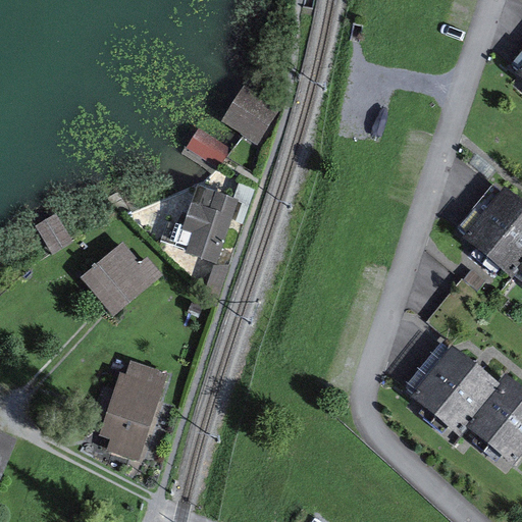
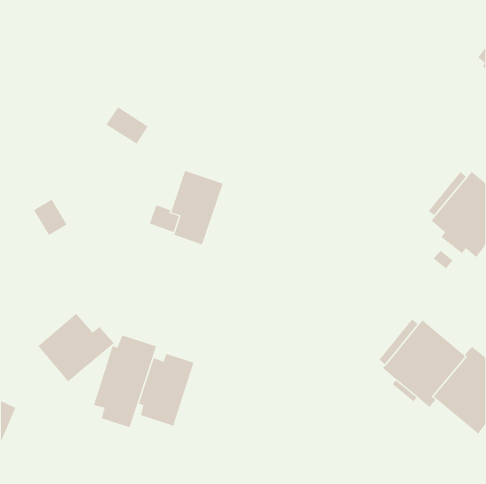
building: [221,84,281,143] -> none
building: [187,126,232,167] -> [106,106,148,144]
building: [81,241,163,315] -> [38,313,115,382]
building: none -> [138,353,194,426]

